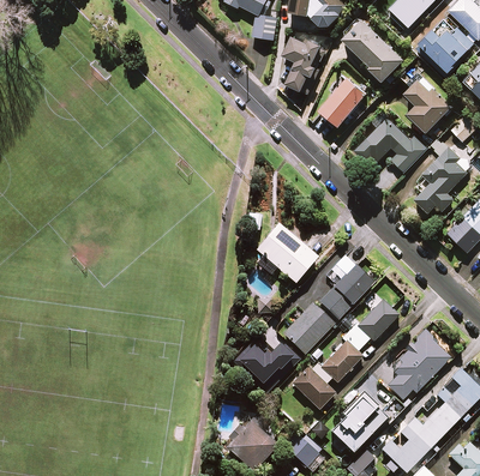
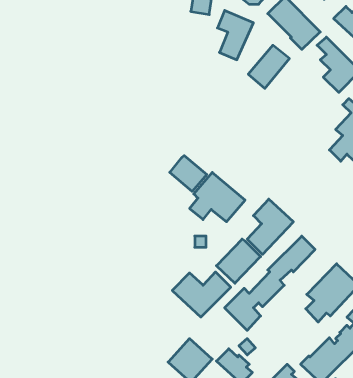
building: [355,118,427,171] -> none
building: none -> [170,156,207,191]
building: [330,393,386,452] -> none

